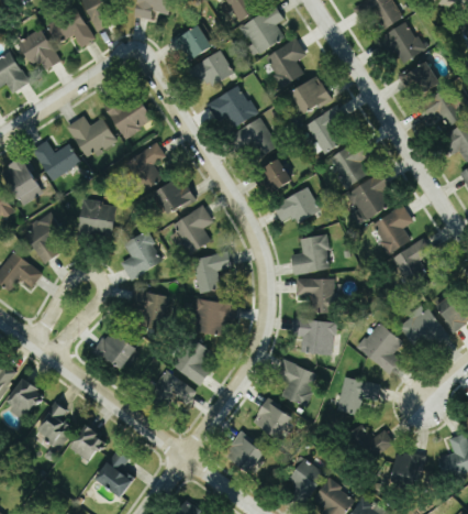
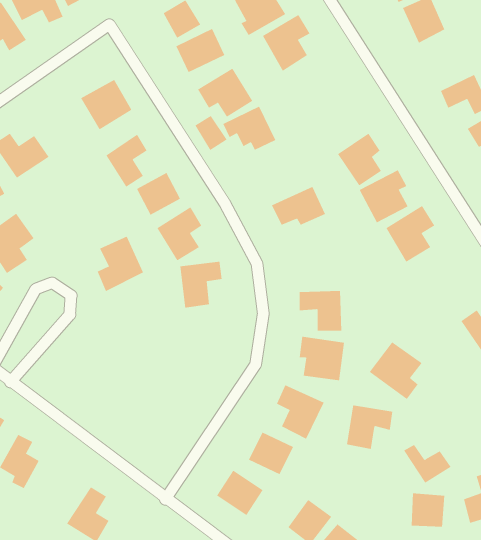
building: [399,62,438,99] -> none
building: [290,77,331,116] -> none
building: [304,106,344,154] -> none
building: [67,116,115,158] -> none
building: [263,157,291,188] -> [195,115,228,151]
building: [78,200,114,232] -> none
building: [290,234,330,274] -> none
building: [391,238,431,280] -> none
building: [140,292,169,329] -> none
building: [192,298,235,335] -> none
building: [399,307,444,350] -> none
building: [94,328,136,369] -> none
building: [170,337,210,385] -> none
building: [154,371,196,406] -> none
building: [352,424,393,458] -> [403,444,452,483]
building: [68,426,103,461] -> none

